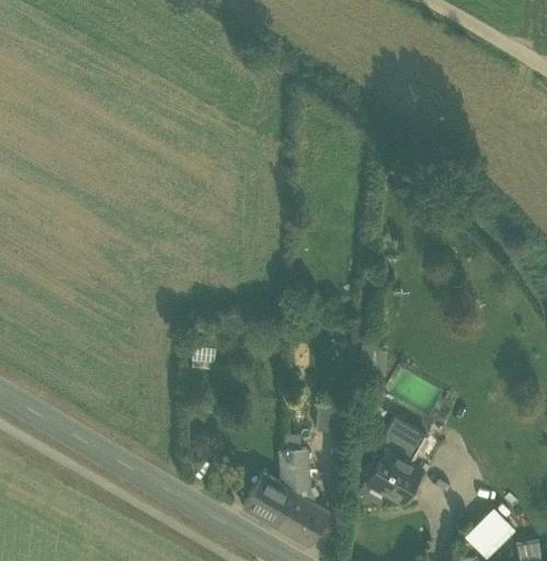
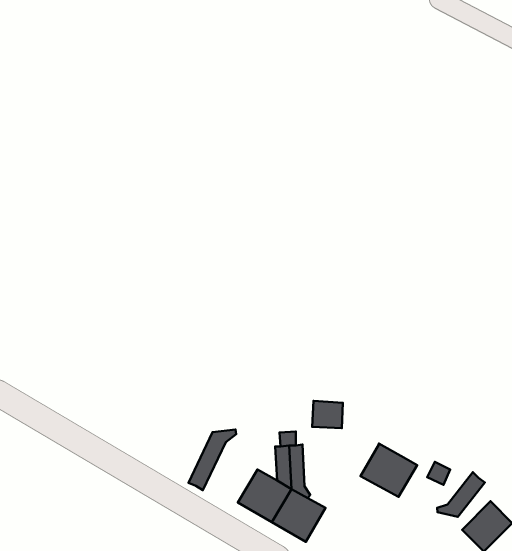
building: [377,417,426,465] -> none
building: none -> [188,429,236,490]
building: none -> [437,472,485,517]

